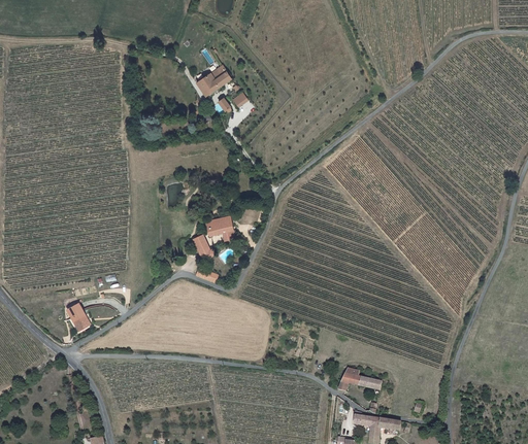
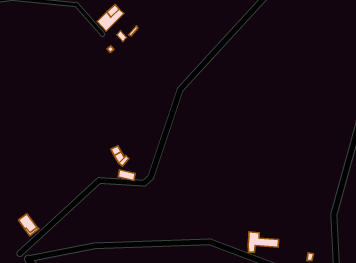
building: [203,220,232,243] -> none

